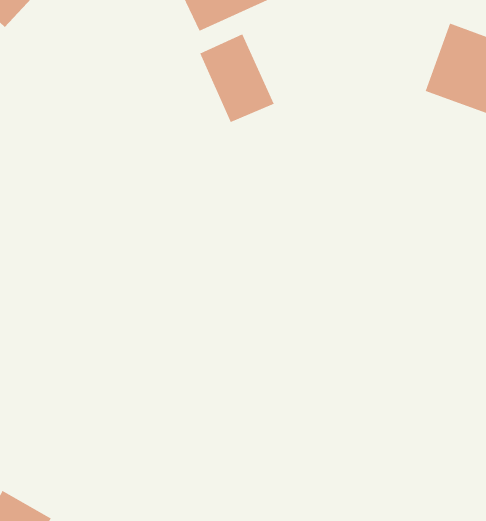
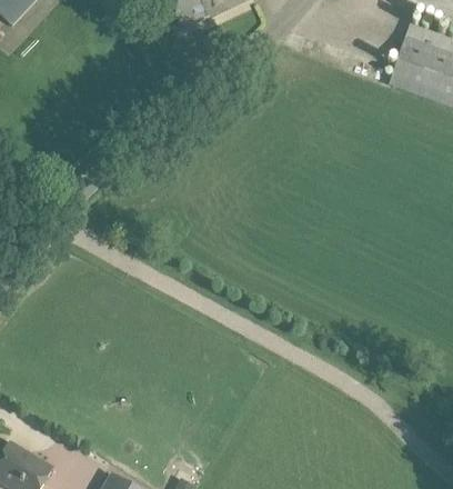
building: [199,34,275,123] -> none

